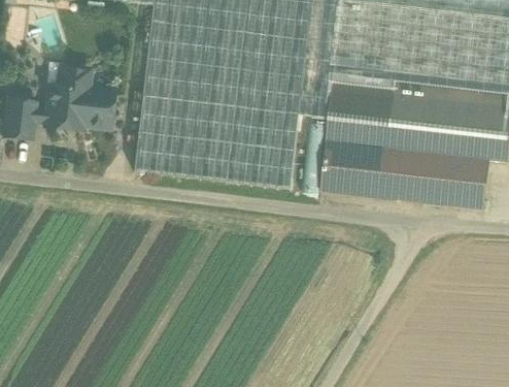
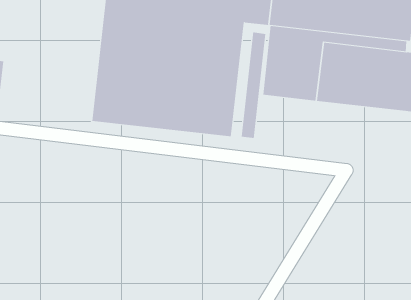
building: [46,66,115,127] -> none
building: [323,139,490,207] -> none

